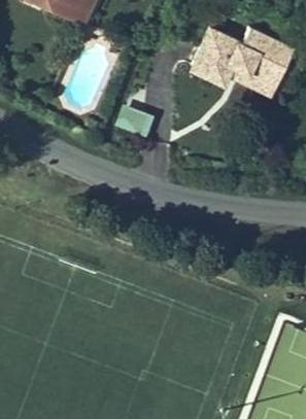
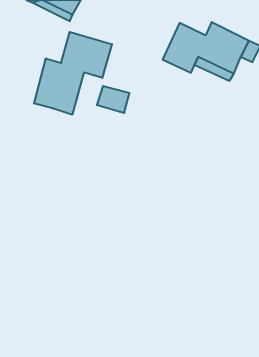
building: none -> [34,32,112,115]

